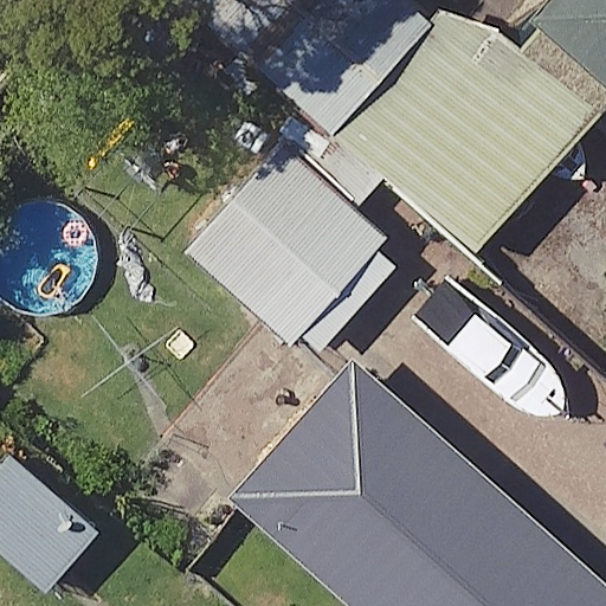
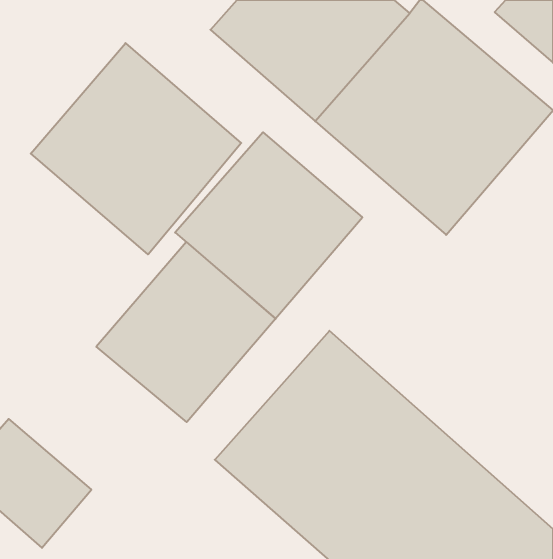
building: none -> [31,43,241,254]
building: none -> [96,242,276,422]

